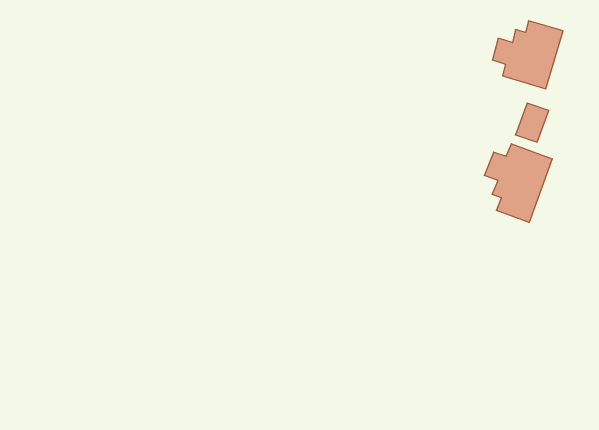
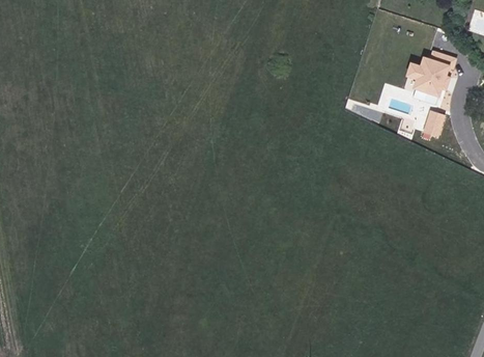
building: [484,144,552,223] -> none

